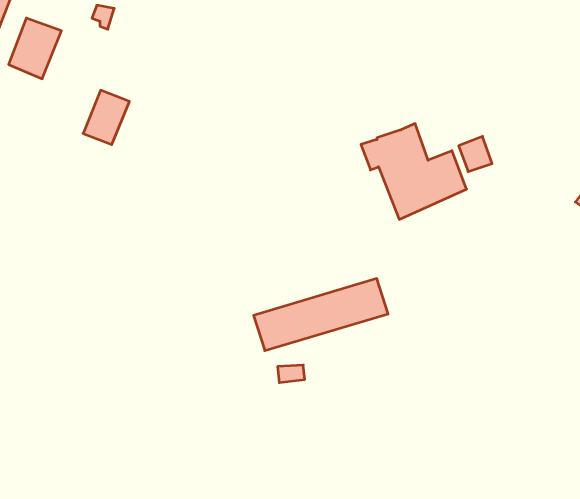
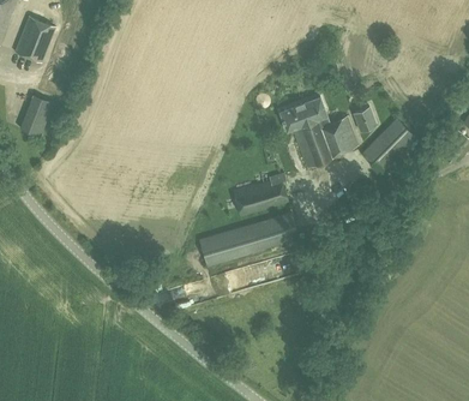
building: [83,90,129,145] -> [18,96,53,137]
building: none -> [361,119,415,173]
building: none -> [233,173,287,215]

